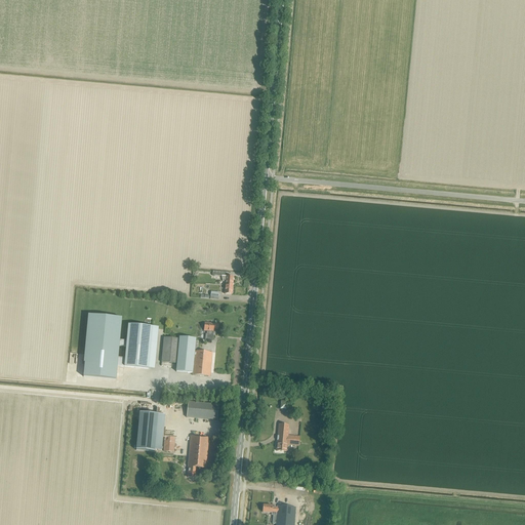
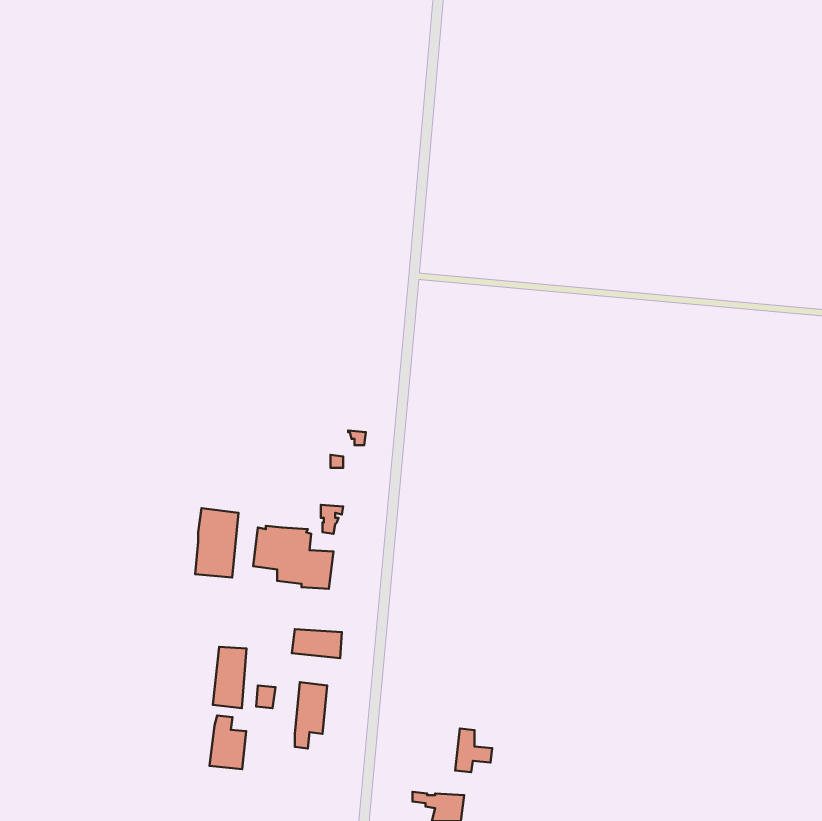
building: [83,310,127,377] -> none
building: [277,422,300,450] -> [455,729,492,772]
building: none -> [210,716,246,769]

